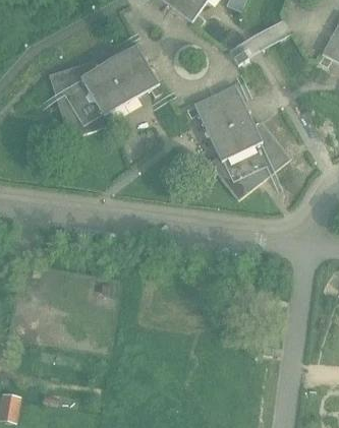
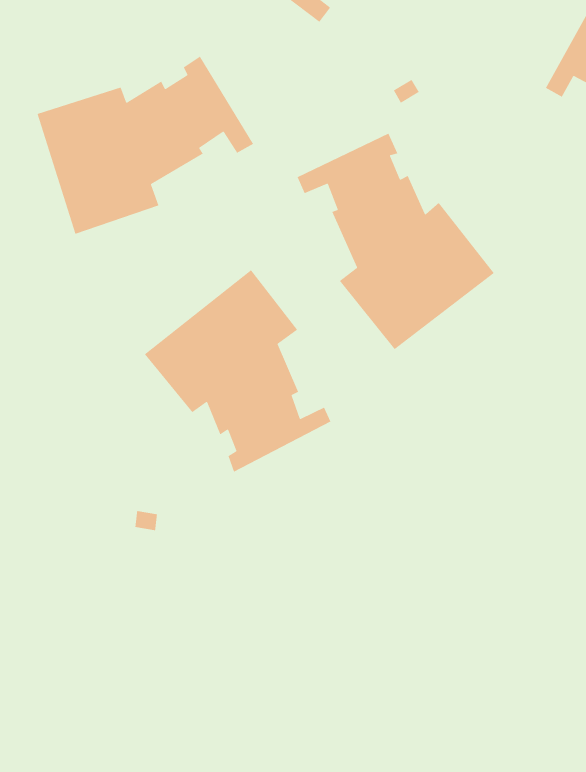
building: none -> [144,269,332,473]

